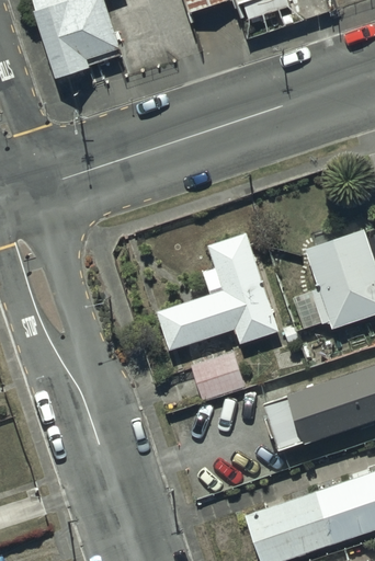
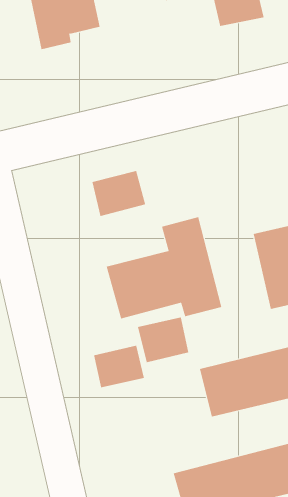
building: none -> [92,170,146,217]
building: none -> [94,345,144,388]

